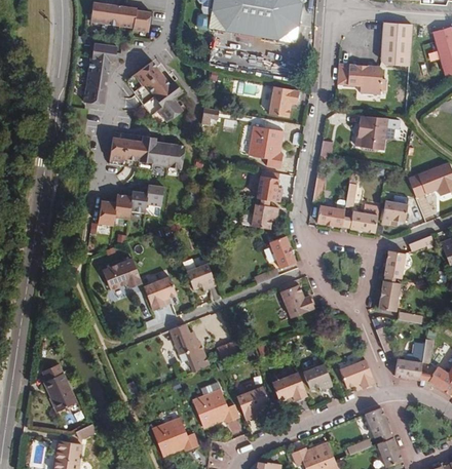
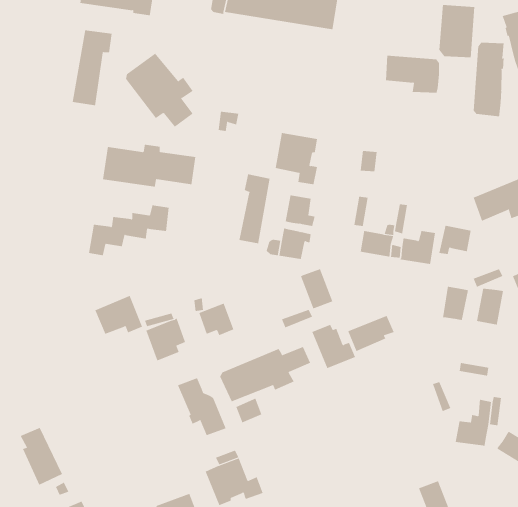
building: none -> [473,42,504,117]
building: [269,85,299,116] -> none
building: [359,118,387,150] -> none
building: none -> [239,173,270,244]
building: none -> [347,315,395,352]
building: [378,280,401,310] -> [476,288,504,325]
building: none -> [220,346,311,402]
building: [339,358,375,390] -> none
building: [304,362,334,390] -> none
building: [272,372,307,399] -> none
building: [236,385,270,420] -> none

